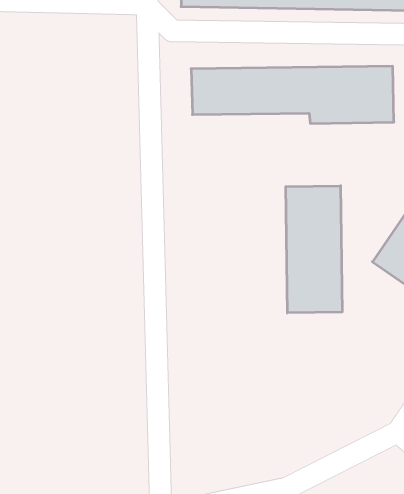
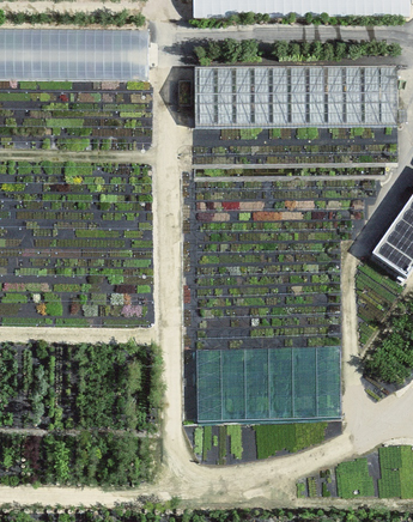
building: [286,186,342,313] -> none

